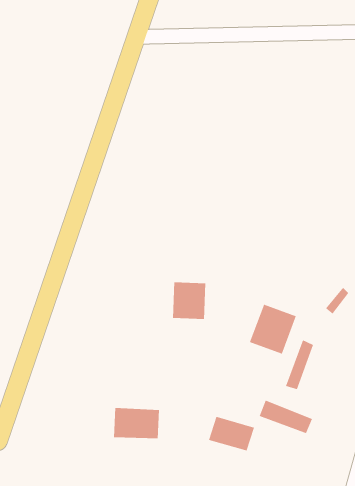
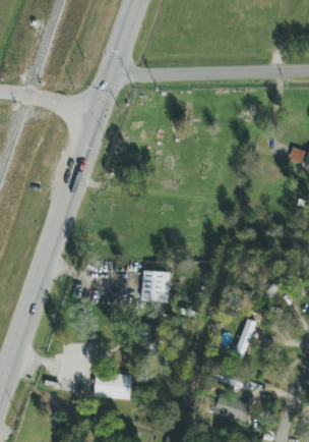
building: [249,304,297,355] -> none
building: [208,416,255,451] -> [213,393,251,422]

